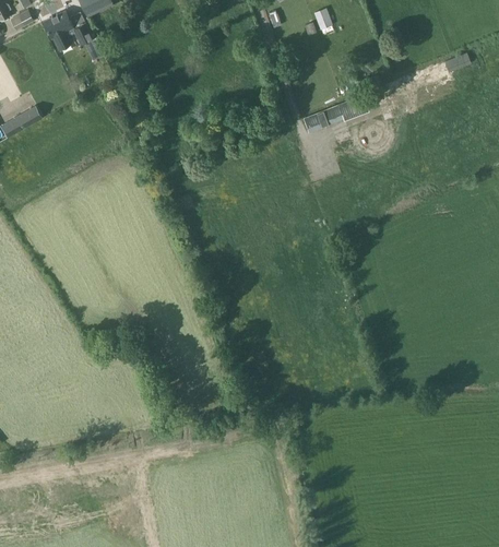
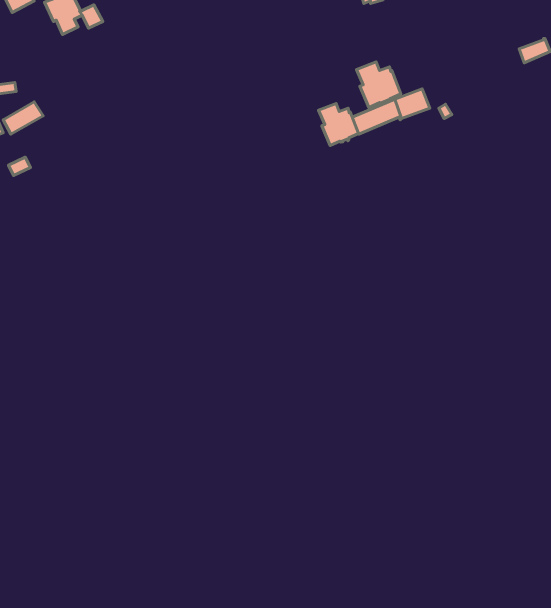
building: none -> [356,62,401,107]
building: none -> [318,103,359,146]

